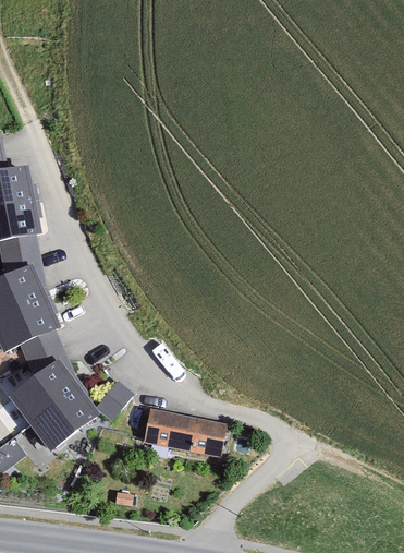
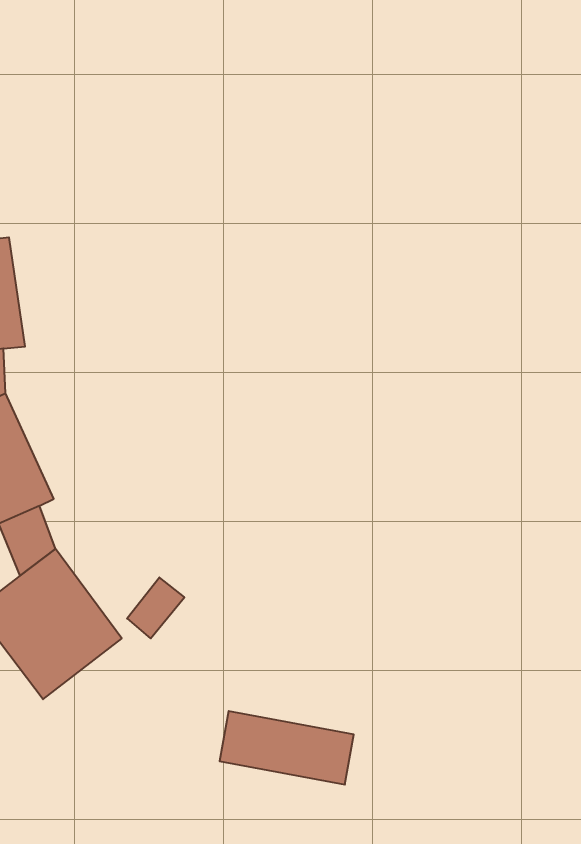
building: [144,409,225,454] -> [220,711,354,785]

